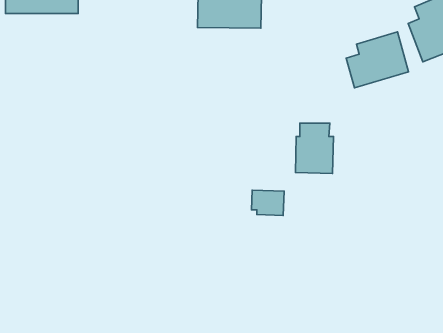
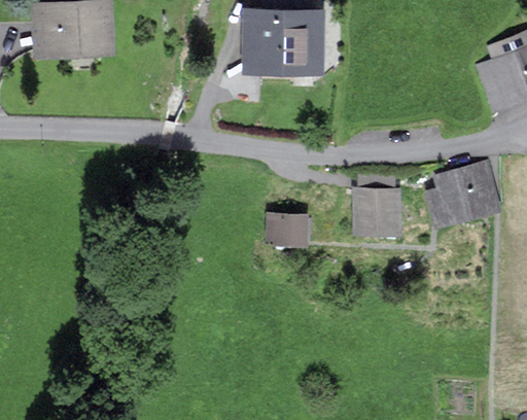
building: [346,32,409,88] -> [426,166,495,227]
building: [251,190,284,215] -> [268,218,304,246]

